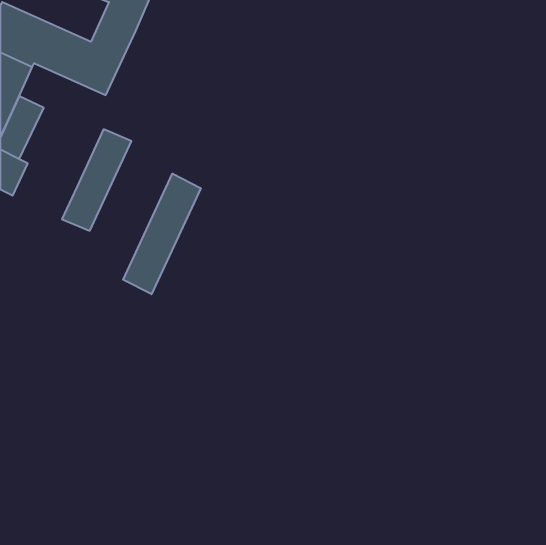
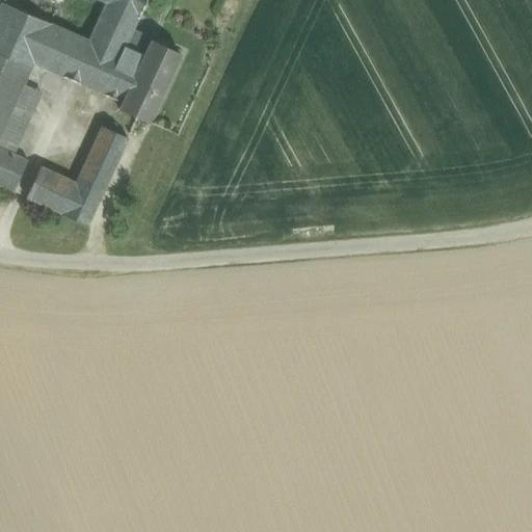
building: none -> [103,30,179,122]
building: none -> [25,165,75,213]
building: [123,174,201,294] -> none

